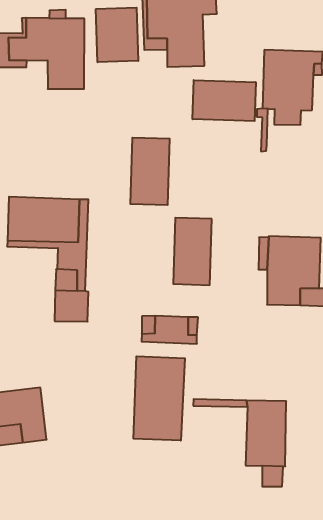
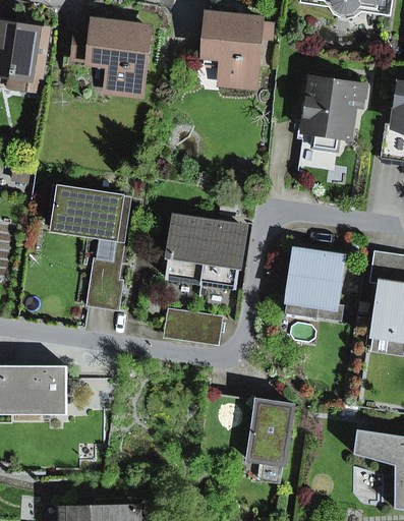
building: [96,8,138,62] -> none
building: [193,80,256,121] -> none
building: [130,138,170,205] -> [167,216,211,282]
building: [134,356,185,441] -> none

